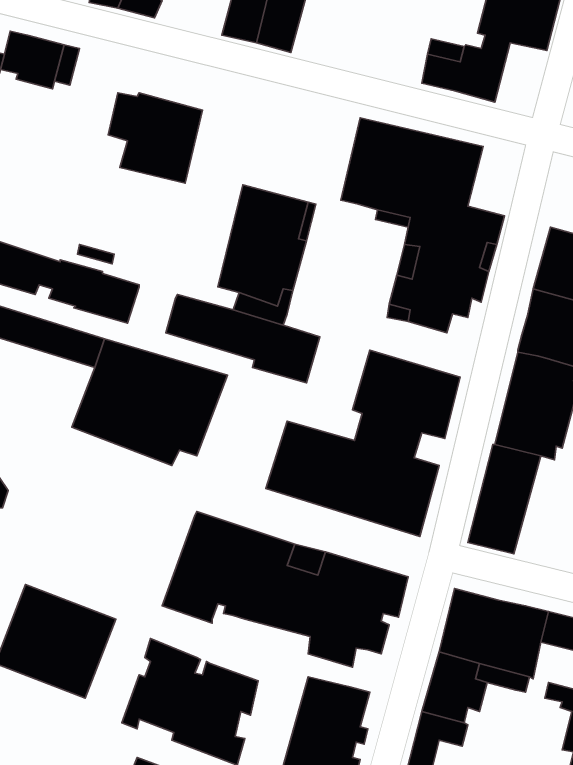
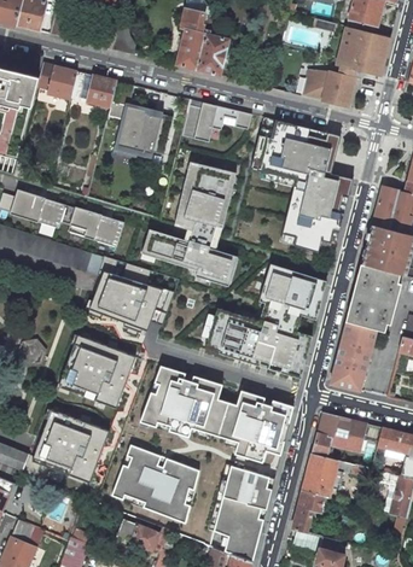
building: none -> [87,75,116,107]
building: none -> [181,99,252,141]
building: none -> [62,337,136,408]

